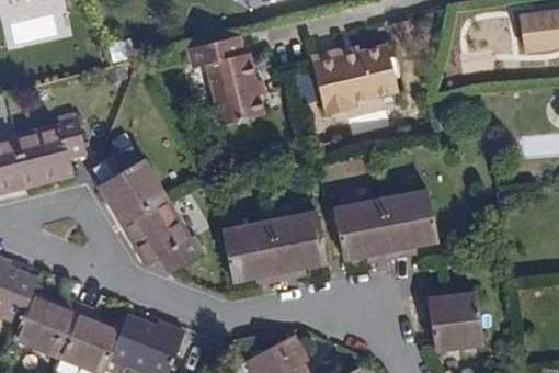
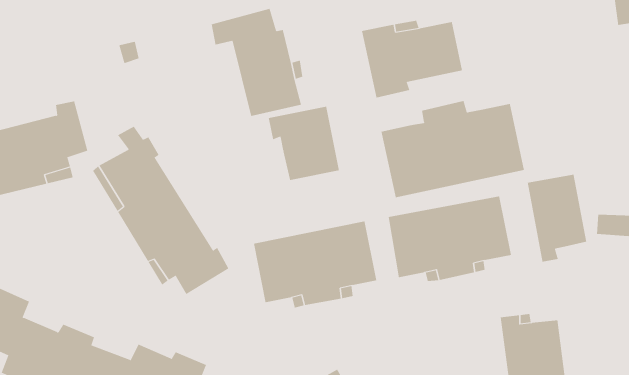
building: none -> [381,100,524,198]
building: none -> [268,106,339,181]
building: none -> [527,174,587,263]

